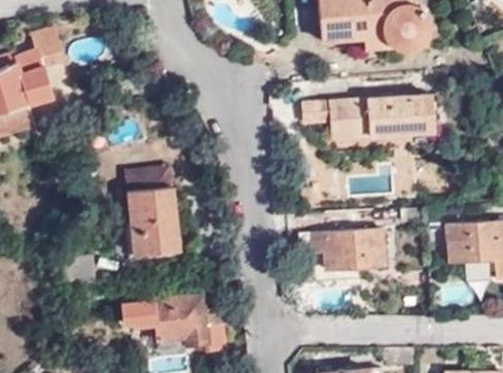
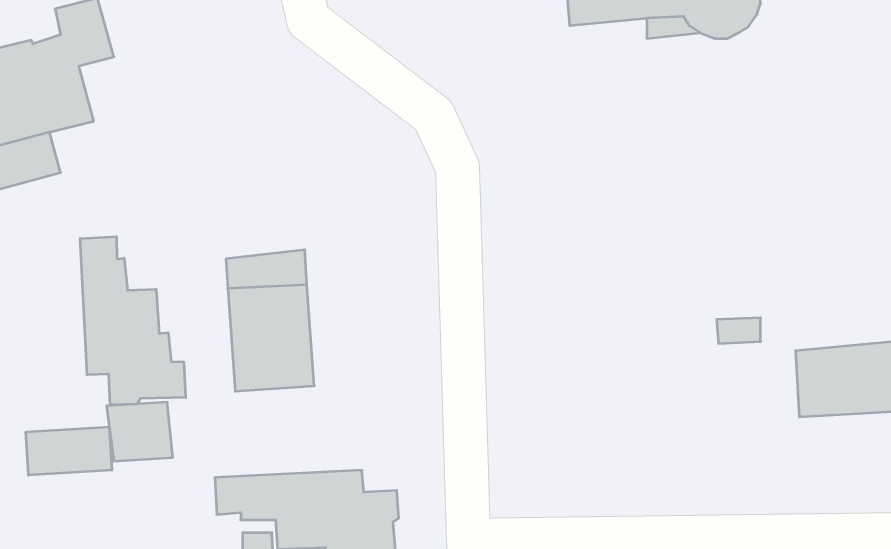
building: [302,93,436,140] -> none
building: none -> [80,237,186,405]
building: [299,230,386,270] -> none
building: none -> [26,427,112,475]

